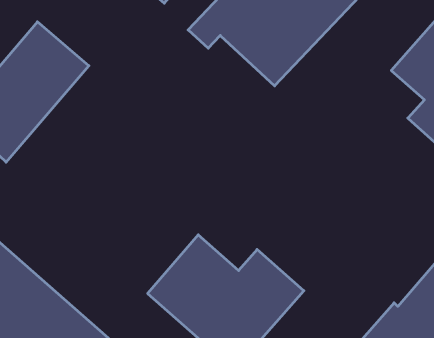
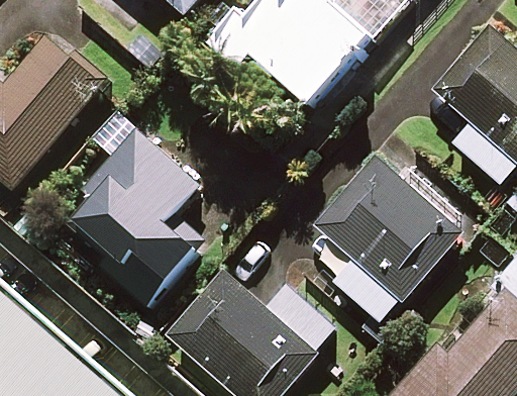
building: none -> [62,129,202,307]
building: none -> [314,157,461,324]

